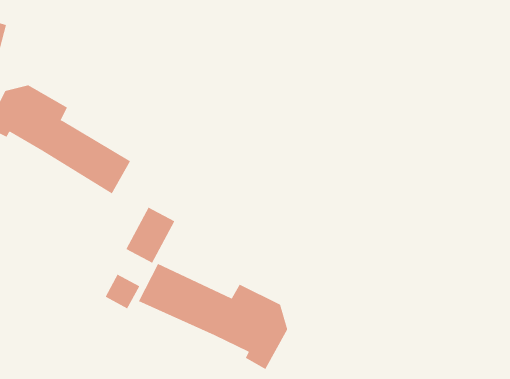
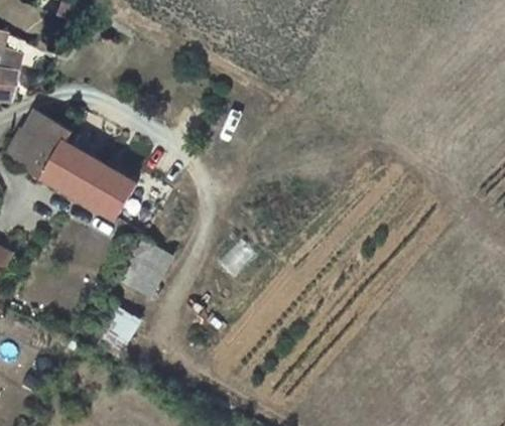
building: [138,263,288,370] -> none

